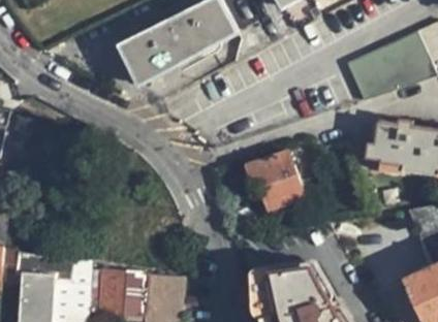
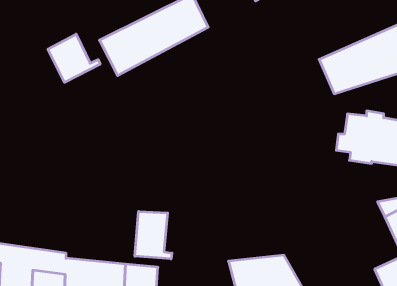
building: none -> [48,34,100,82]
building: [245,151,303,210] -> none
building: none -> [135,211,172,259]

